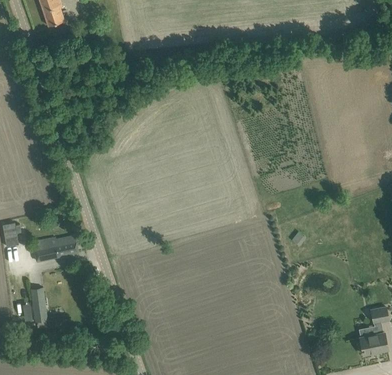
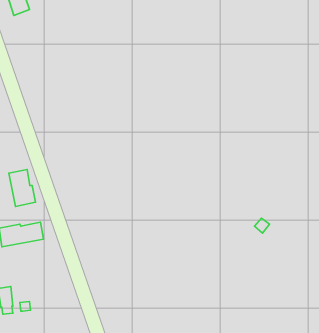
building: none -> [9,170,36,207]

